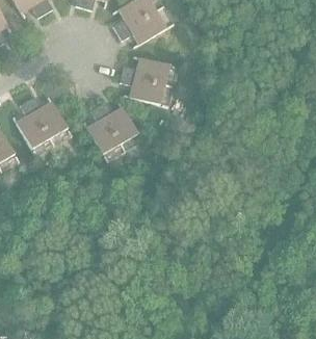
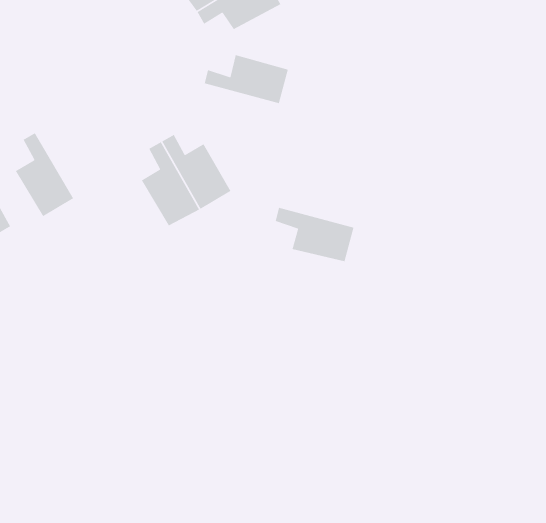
building: [121,73,165,104] -> [275,207,354,262]
building: [28,96,68,137] -> none

